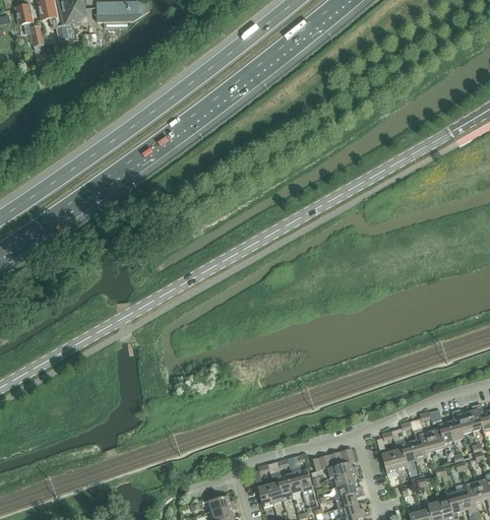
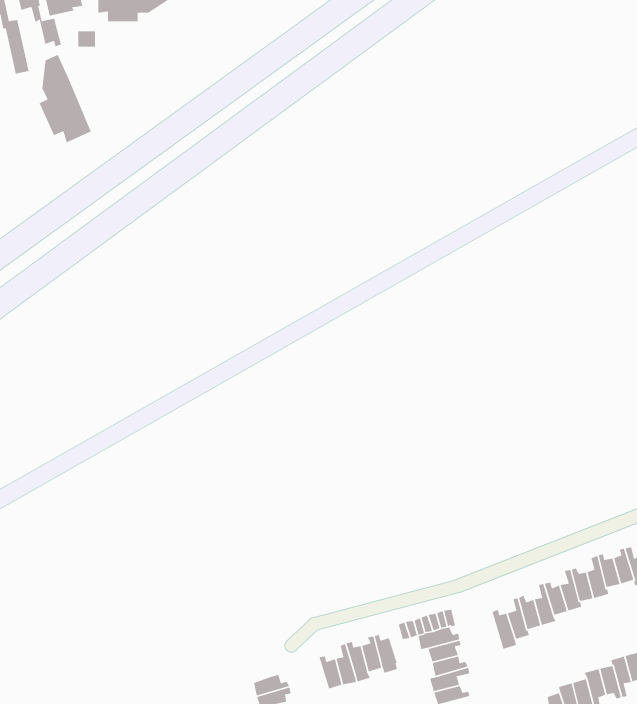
building: none -> [38,54,92,143]

